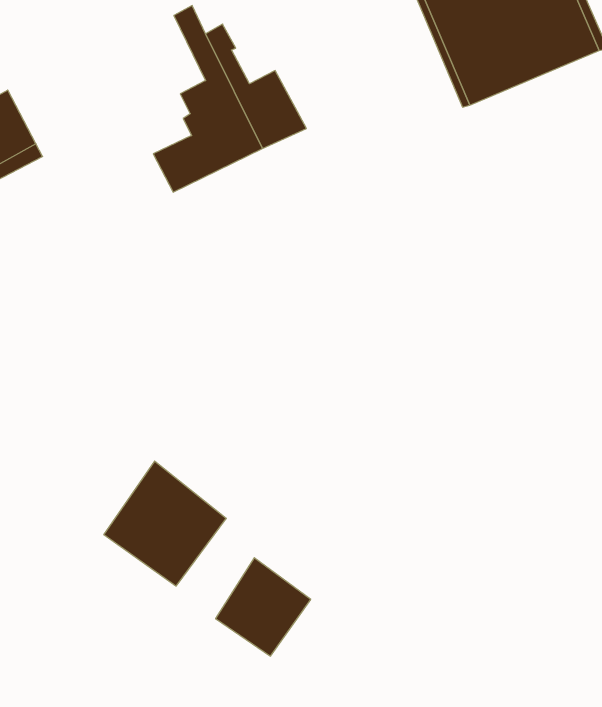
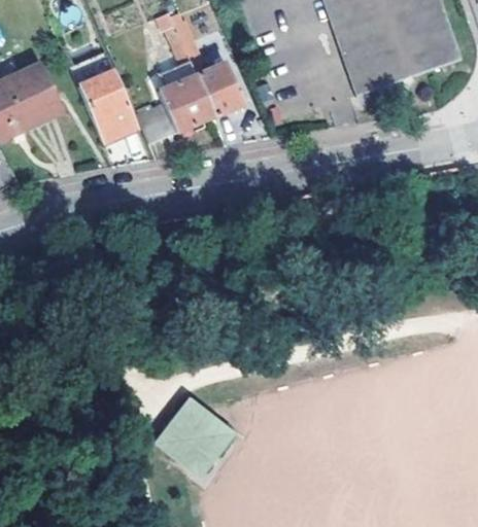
building: none -> [70,51,138,143]
building: [104,461,226,586] -> none

